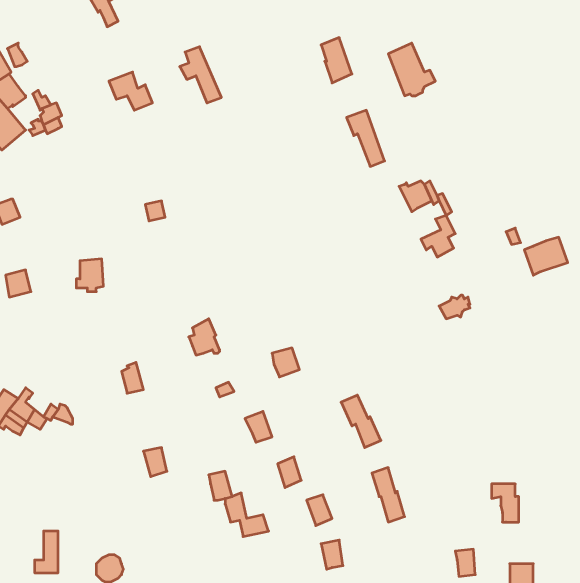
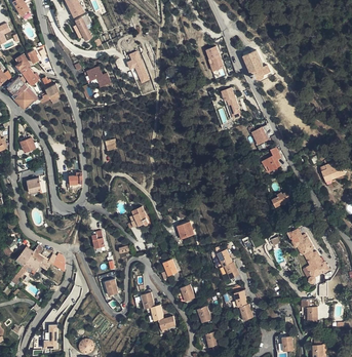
building: none -> [292,236,328,282]

